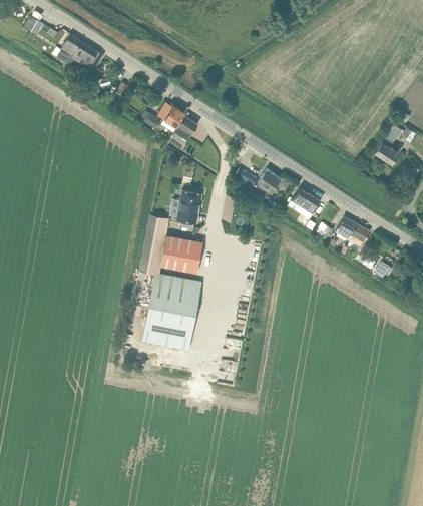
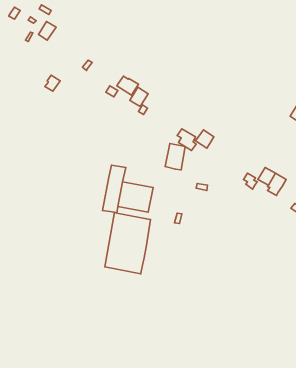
building: [65,41,103,69] -> none
building: [174,188,199,221] -> [165,143,185,170]
building: [292,188,321,213] -> none

